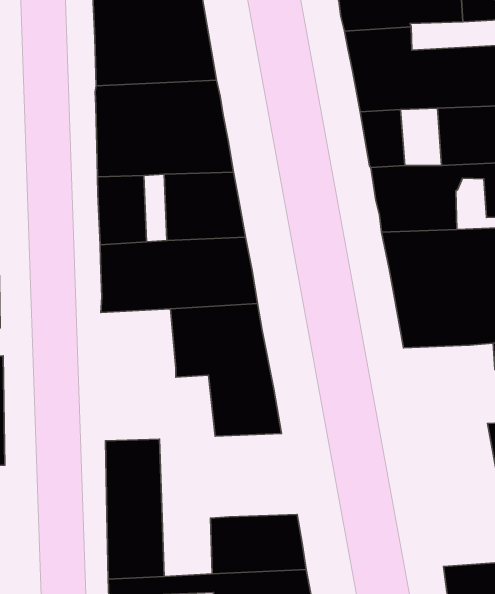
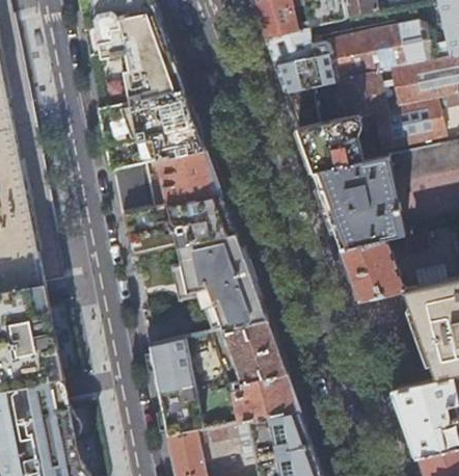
building: none -> [341,240,405,302]
building: none -> [223,321,288,384]

